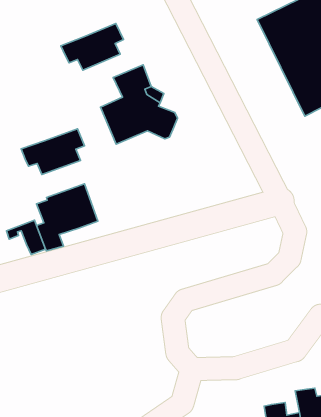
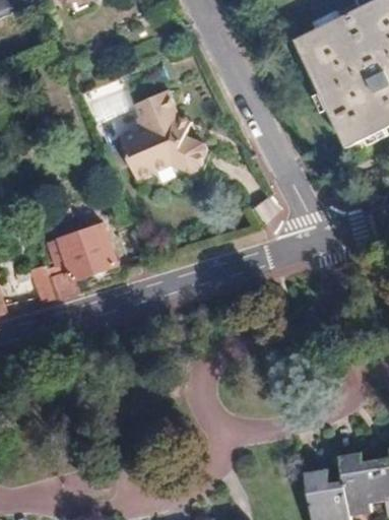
building: [61,23,123,70] -> none
building: [21,129,84,175] -> none

